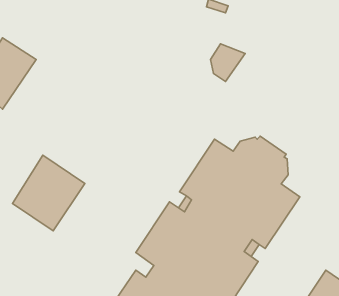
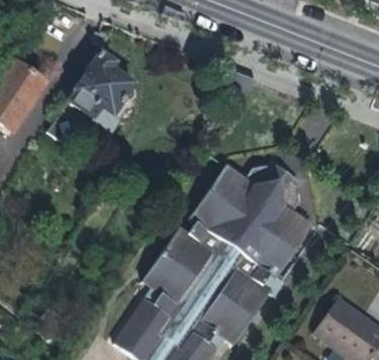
building: none -> [68,50,135,132]
building: [13,155,85,231] -> none

